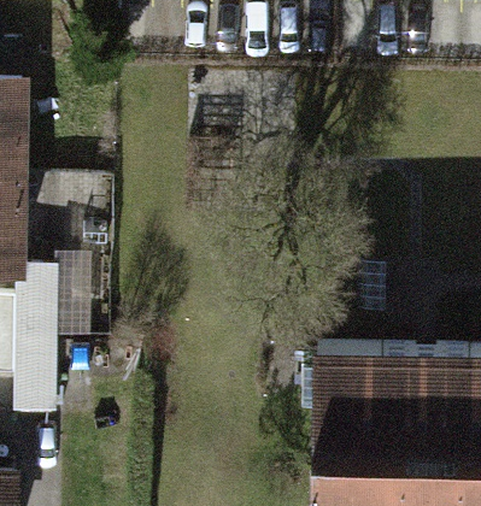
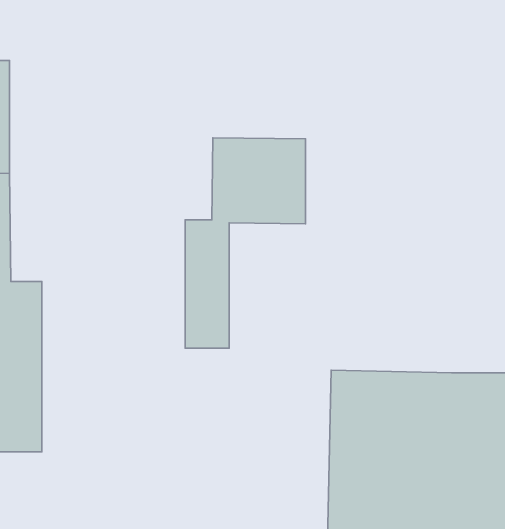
building: none -> [185,138,306,348]

